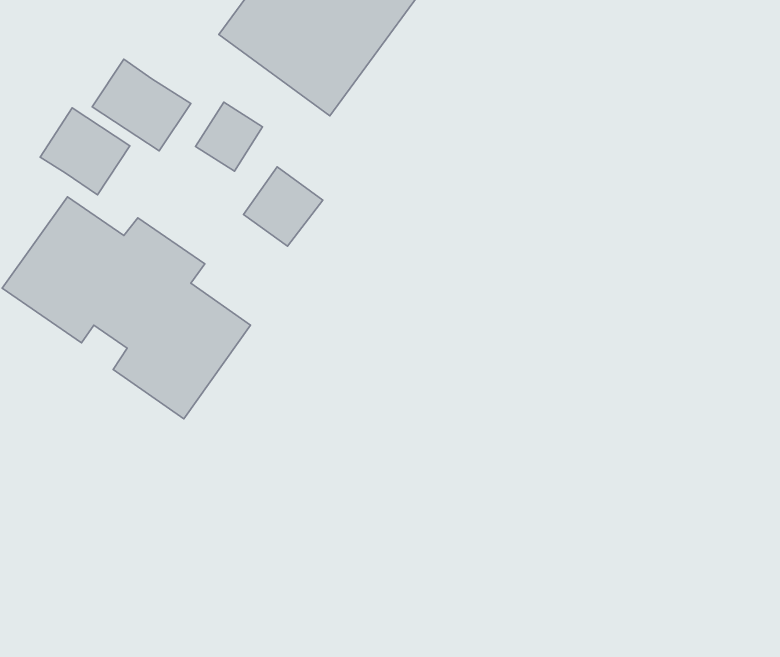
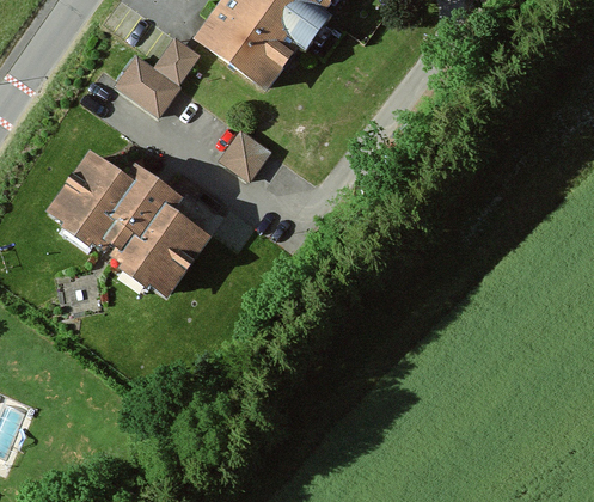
building: [196,102,263,171] -> [148,37,194,84]
building: [40,108,130,195] -> none

